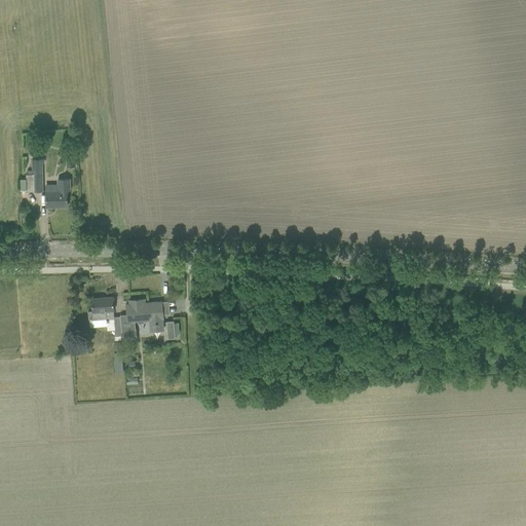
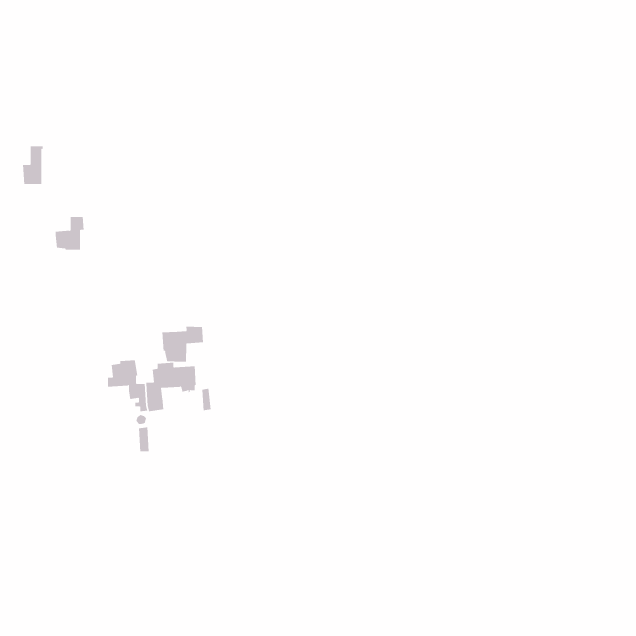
building: [26,159,43,191] -> [22,146,43,184]
building: none -> [162,326,203,362]

